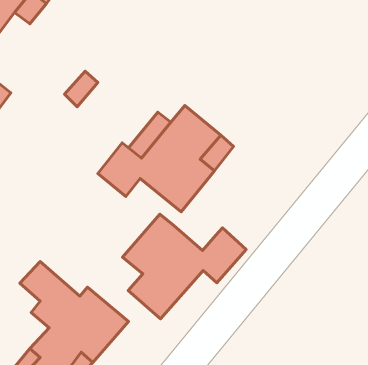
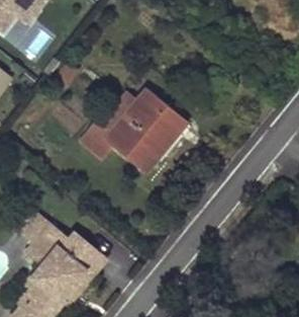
building: [123,214,246,319] -> none

